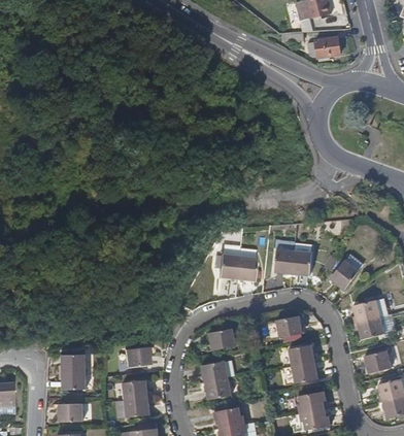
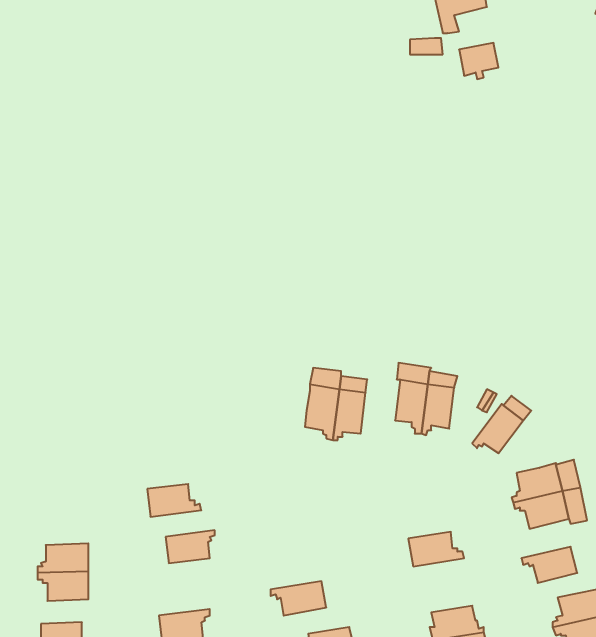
building: [273,315,307,336] -> none
building: [210,326,243,347] -> none
building: [196,358,229,380] -> none
building: [287,361,318,382] -> none
building: [125,376,159,397] -> [147,484,201,517]

